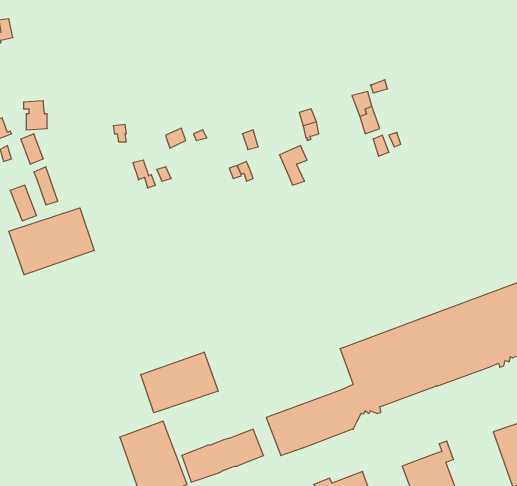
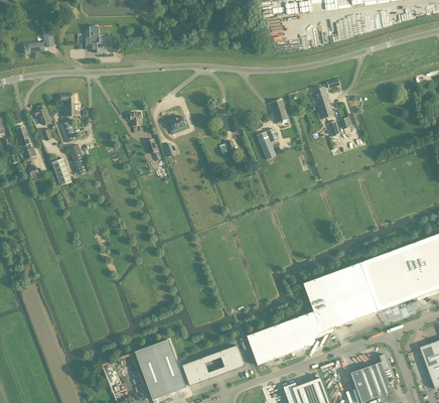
building: none -> [85,28,104,52]
building: [9,208,94,275] -> none
building: [141,352,218,413] -> none

